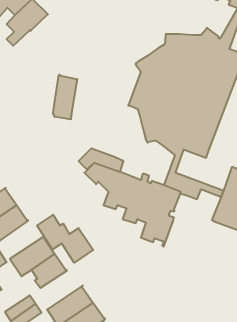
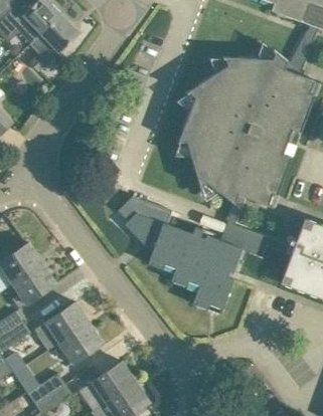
building: [53,75,77,119] -> none
building: [37,215,93,263] -> none

